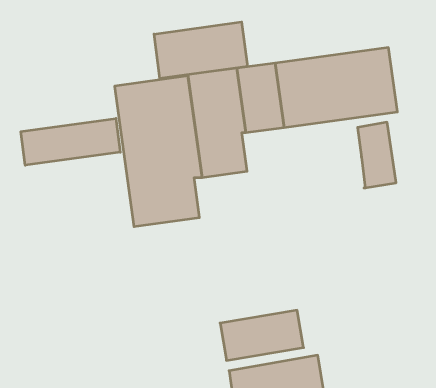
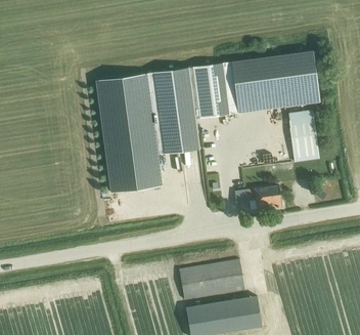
building: [154,22,247,78] -> none
building: [21,118,120,165] -> none
building: none -> [235,185,282,209]

